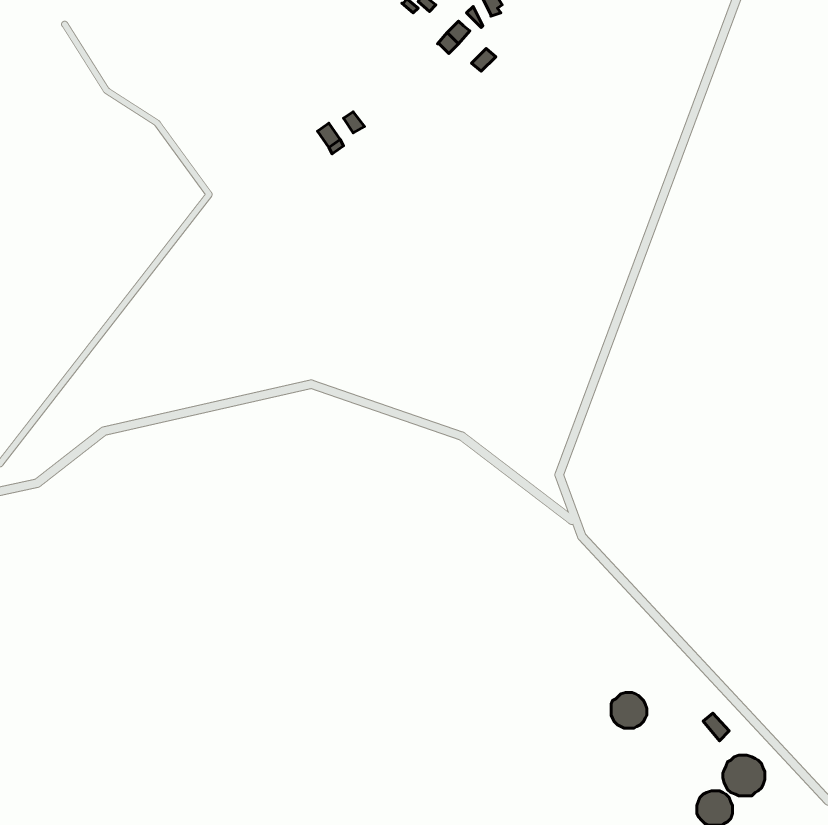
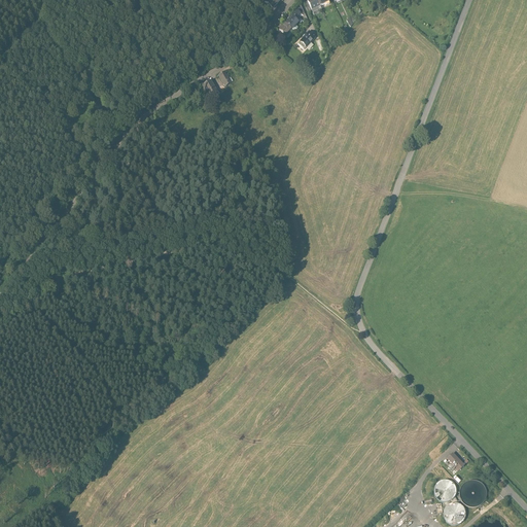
building: [611,692,647,728] -> [433,479,456,501]

